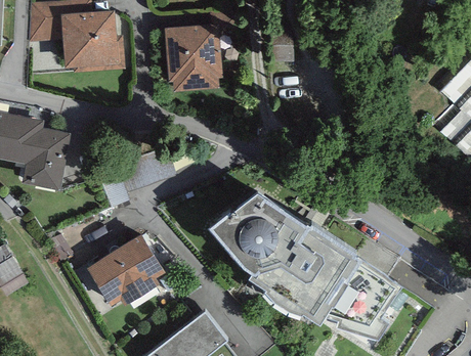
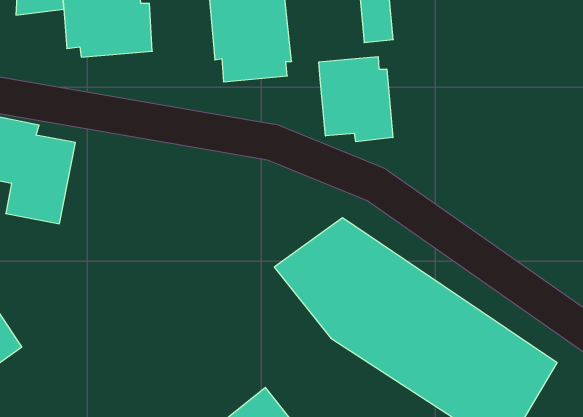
building: none -> [319,57,393,142]
building: [86,233,165,307] -> none

